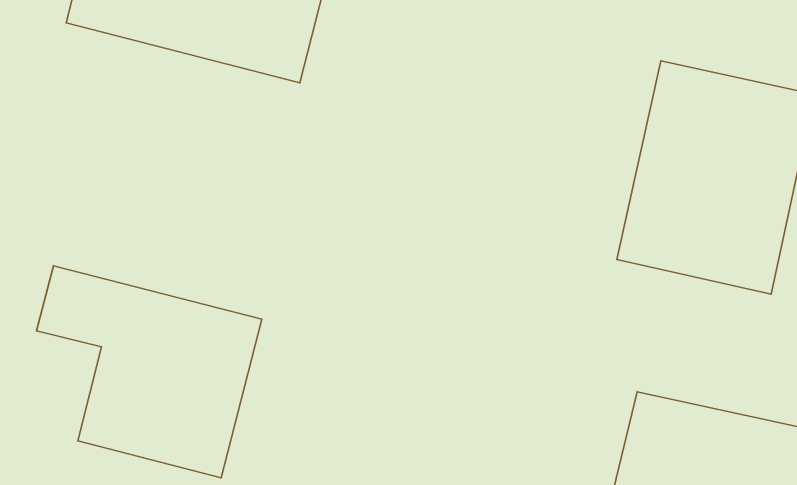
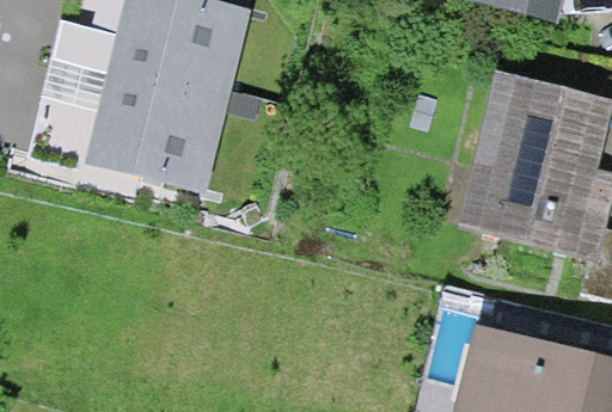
building: none -> [41,55,227,189]
building: [37,266,262,478] -> none

